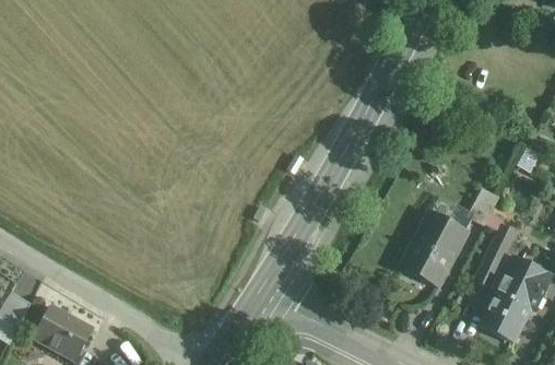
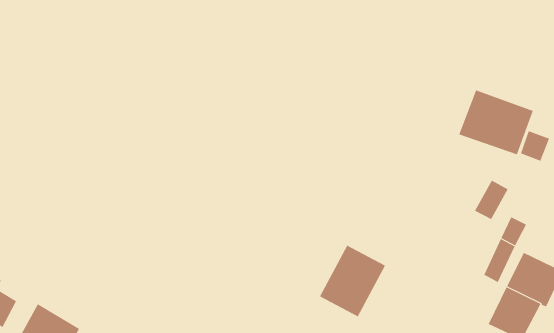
building: none -> [459,89,533,155]
building: [404,212,468,281] -> [319,245,386,317]

